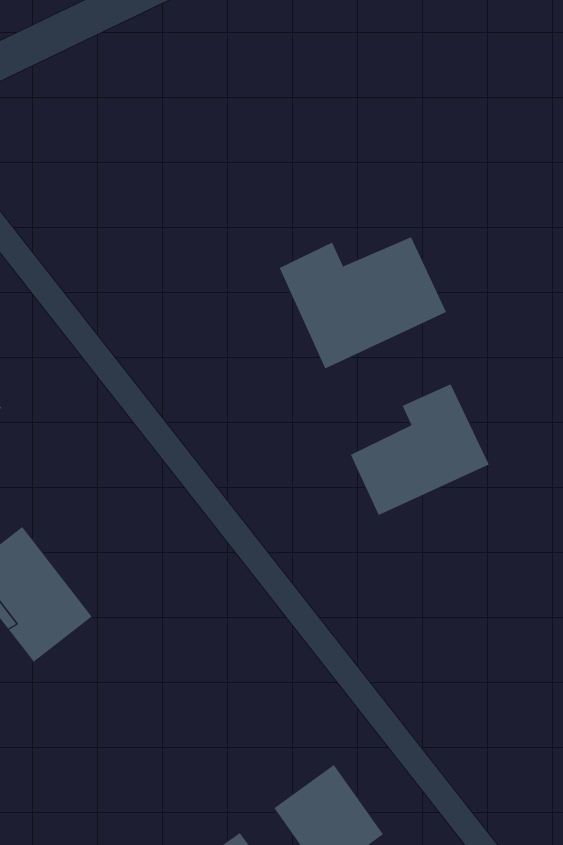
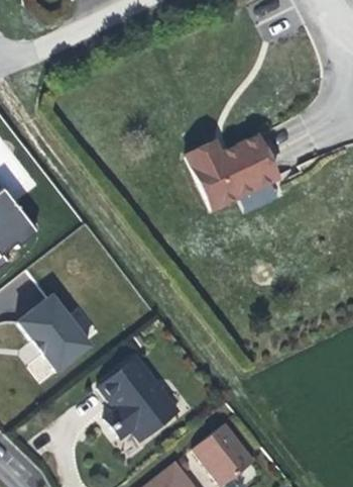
building: [350,383,490,516] -> none
building: none -> [104,363,184,445]

